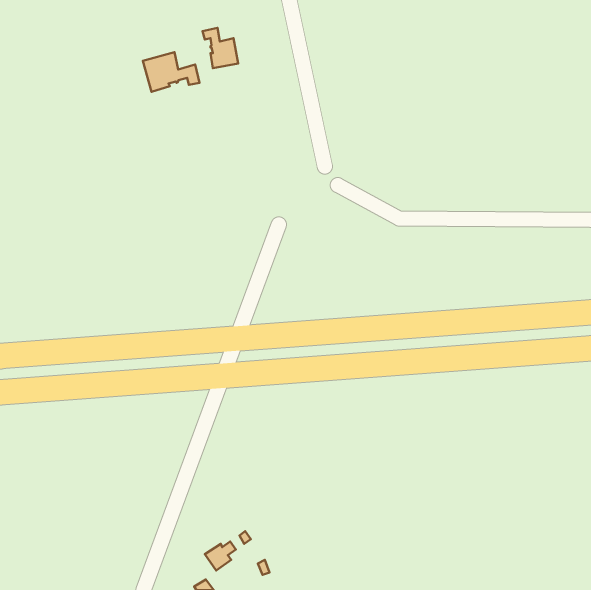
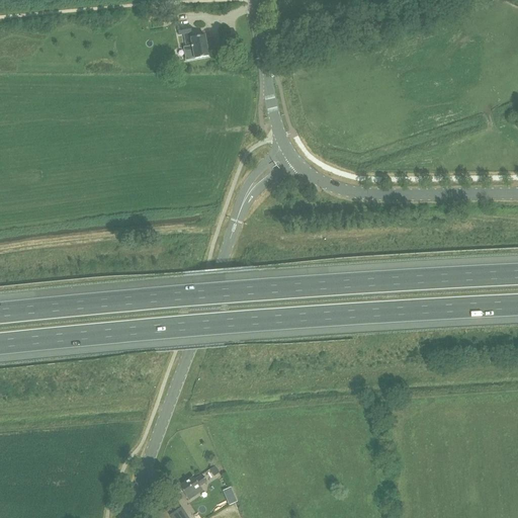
building: [143,52,199,92] -> none

